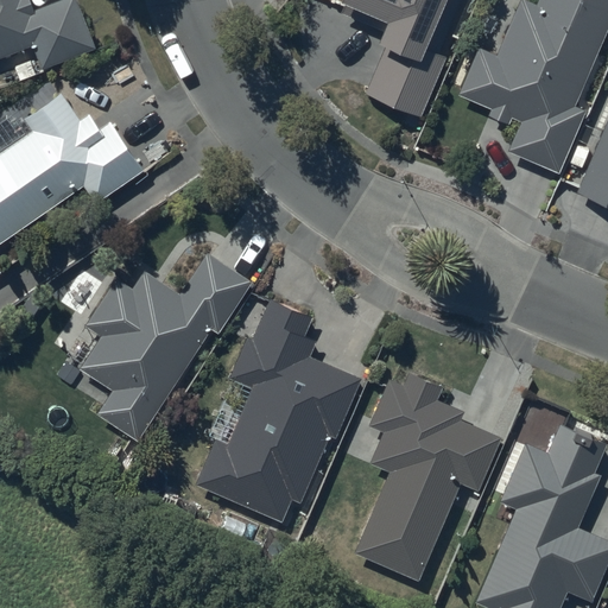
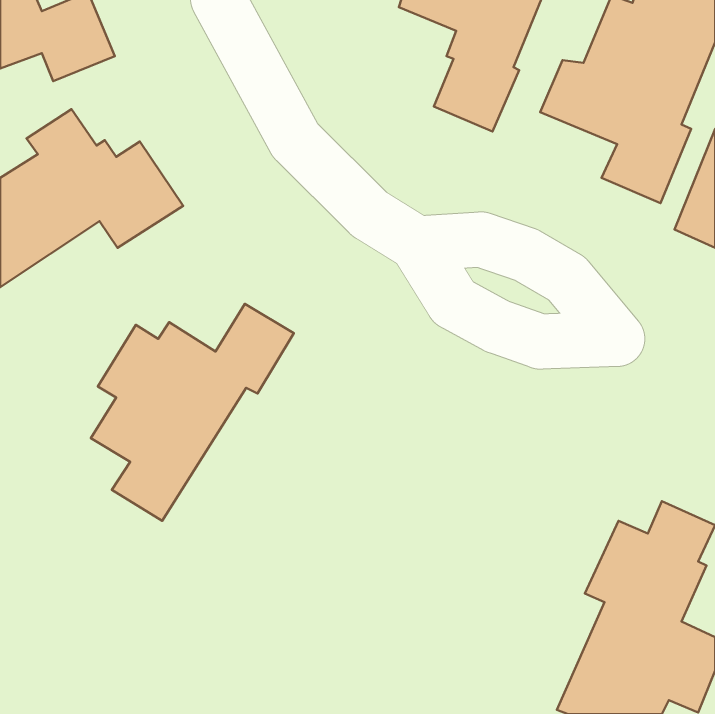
building: [200,298,360,517] -> none
building: [356,370,500,577] -> none

